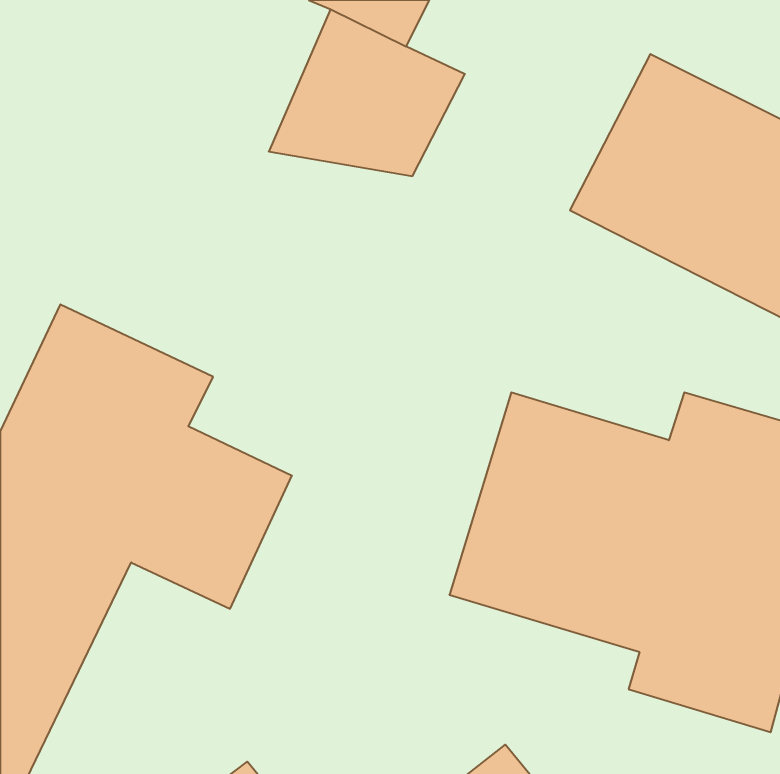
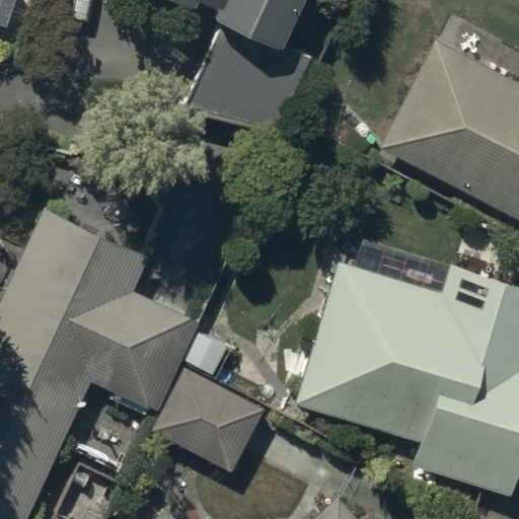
building: none -> [147,368,263,471]

